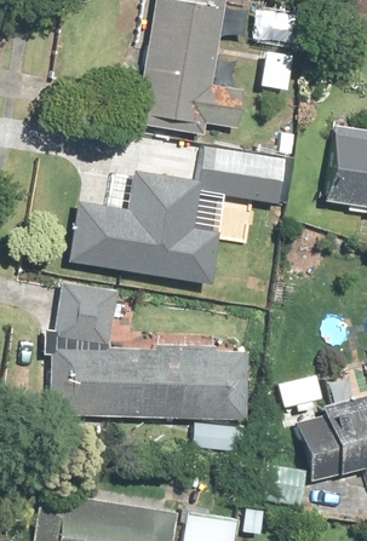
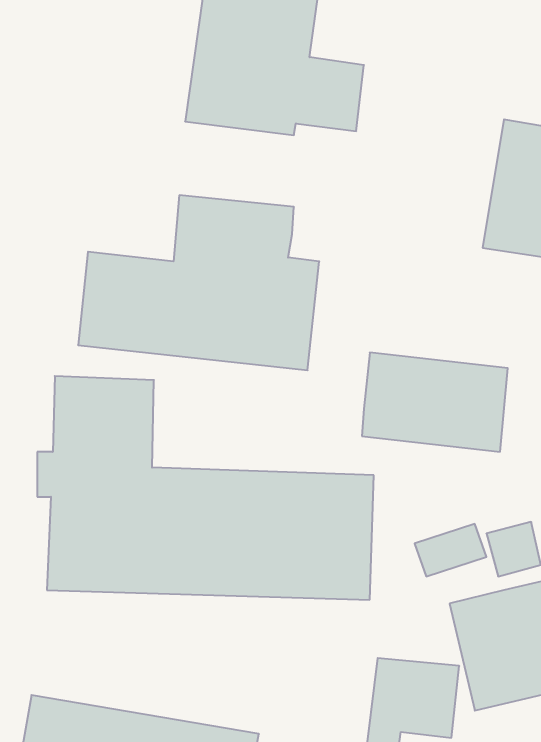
building: [202,140,293,202] -> [362,353,508,452]

